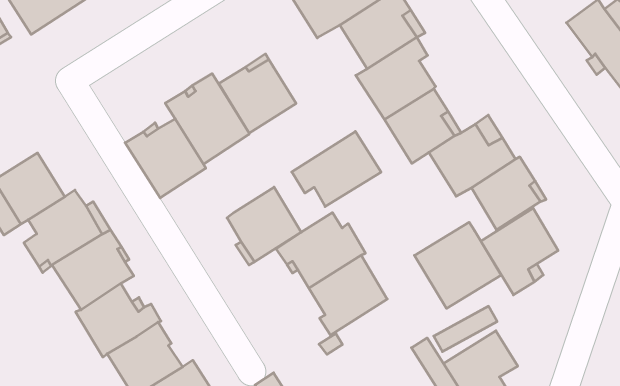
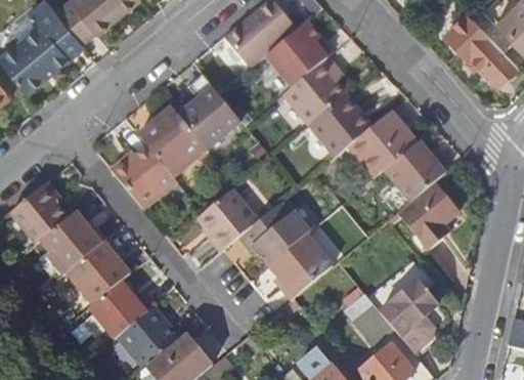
building: [292,131,381,207] -> none
building: [414,222,501,308] -> none

